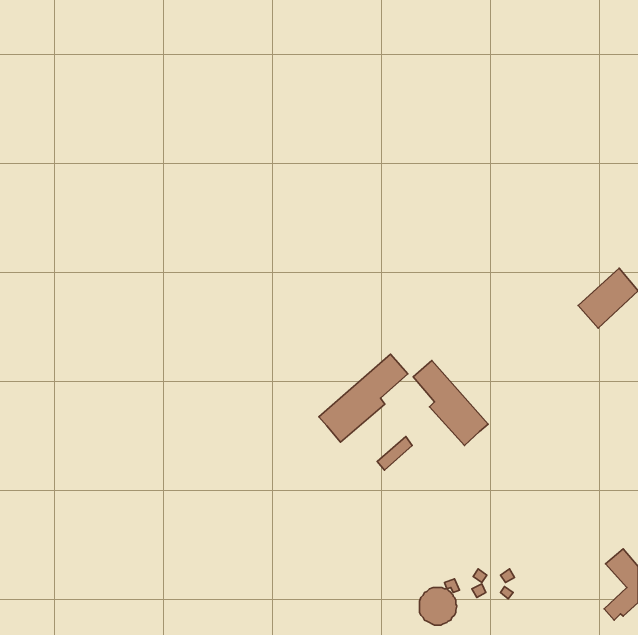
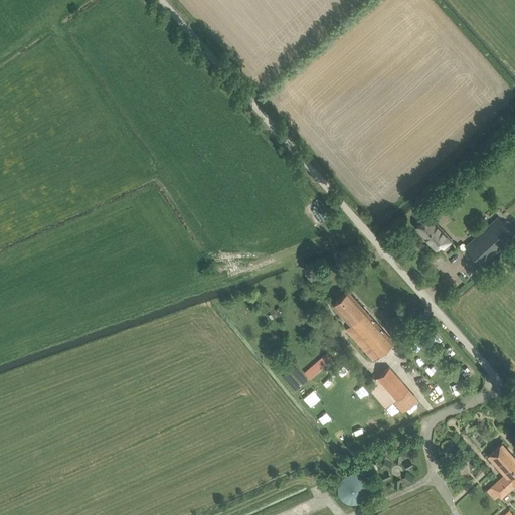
building: none -> [415,219,453,250]
building: [319,354,408,442] -> none
building: none -> [367,369,417,414]

